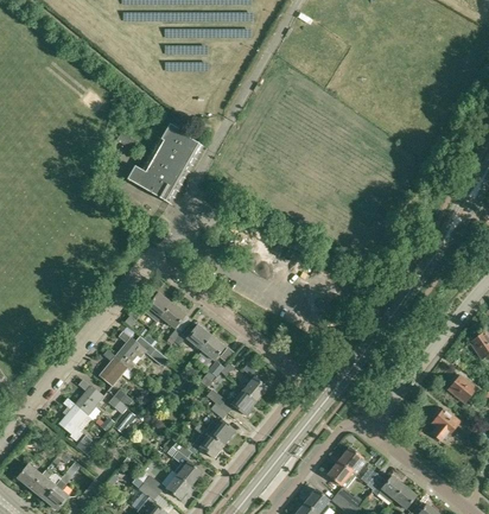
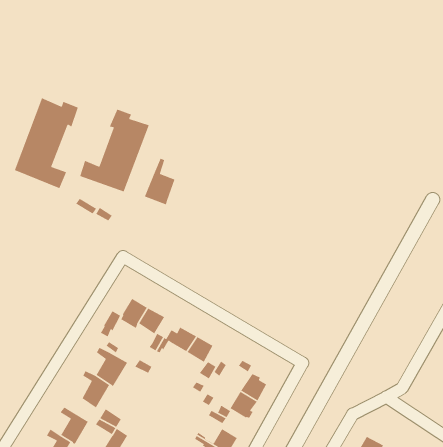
building: none -> [14,97,79,189]
building: none -> [144,158,175,205]

